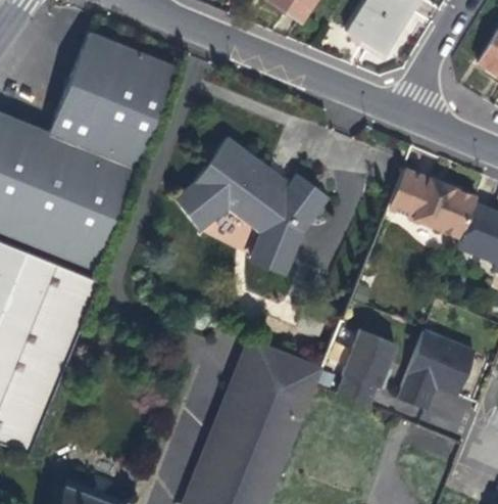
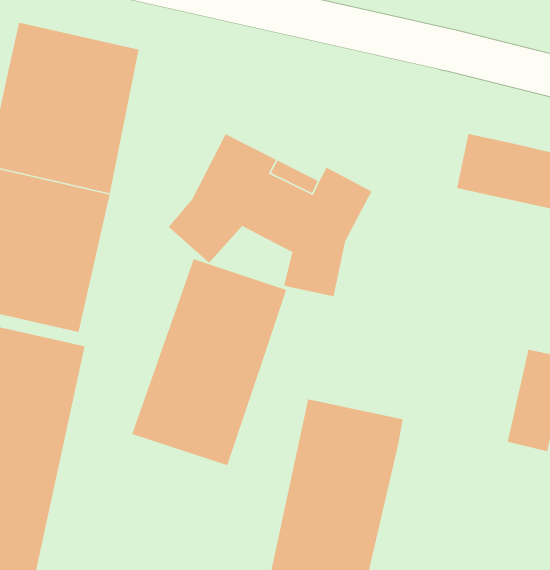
building: none -> [131,258,287,466]
building: [333,329,391,406] -> none

